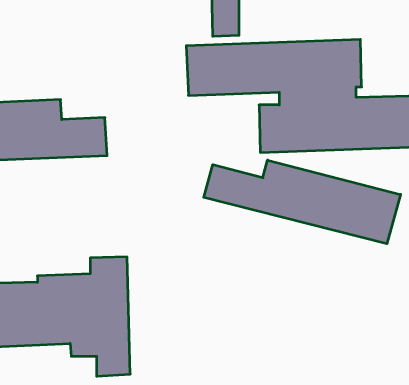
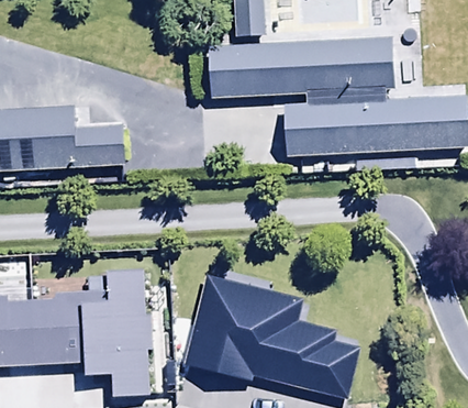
building: [204,160,401,244] -> none
building: none -> [185,273,364,398]

